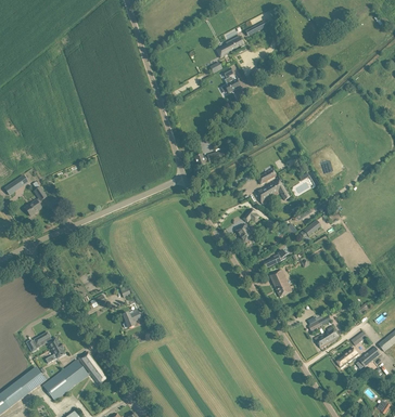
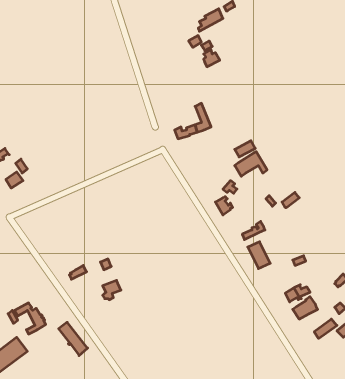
building: [43,360,88,400] -> none

